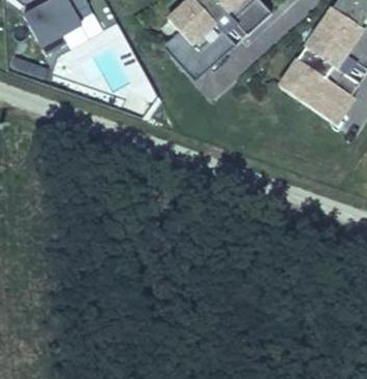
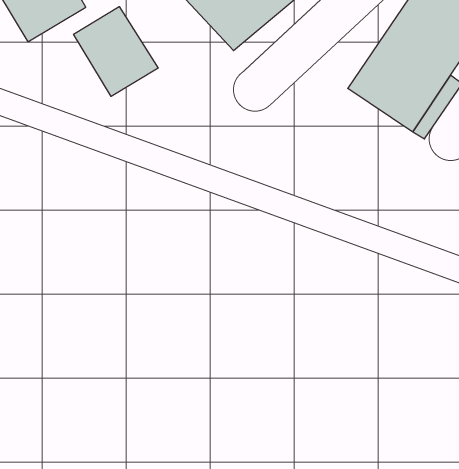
building: none -> [74,7,158,96]

